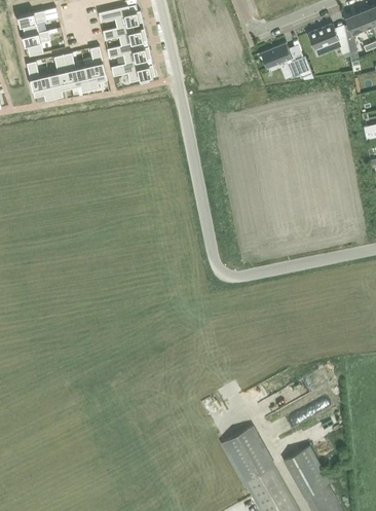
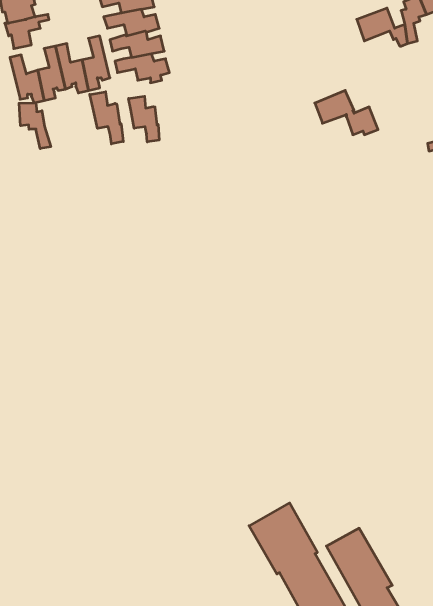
building: [260,42,311,78] -> [315,90,378,135]
building: none -> [90,92,123,144]
building: none -> [129,96,159,142]
building: none -> [19,103,51,149]

